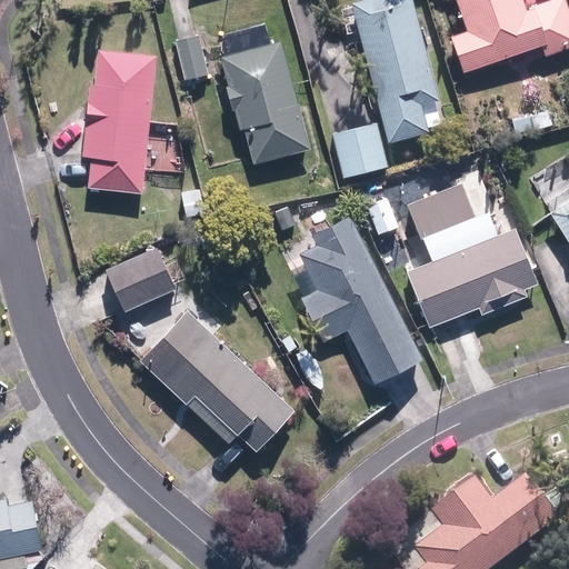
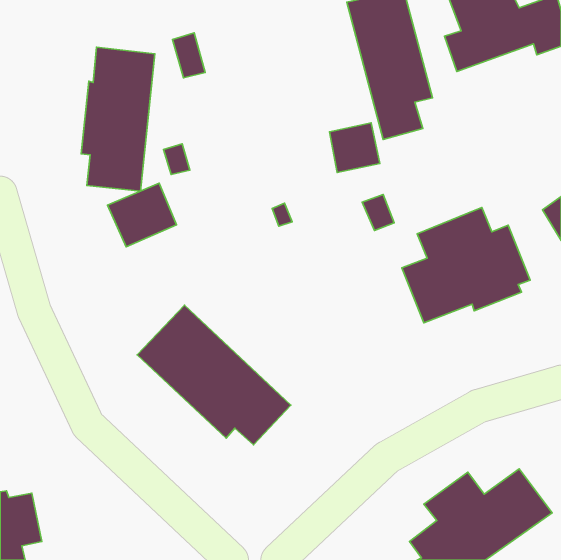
building: [219,40,310,164] -> none
building: [407,182,473,238] -> none
building: [300,214,421,382] -> none
building: [106,247,176,311] -> [107,183,177,247]

